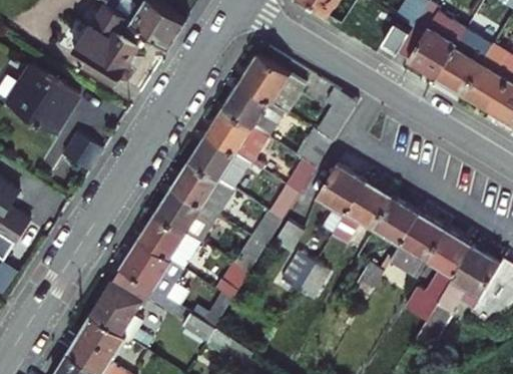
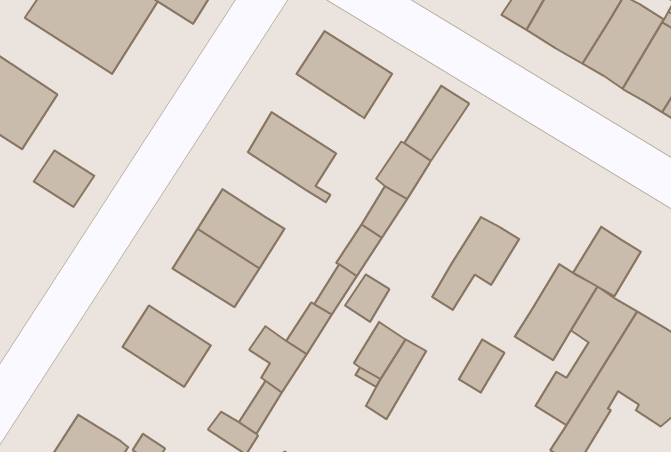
building: [223,83,284,137] -> none
building: [190,136,247,180] -> none
building: [317,162,366,213] -> none
building: [373,196,419,243] -> [573,227,641,296]
building: [140,216,198,268] -> none
building: [92,269,153,333] -> none

